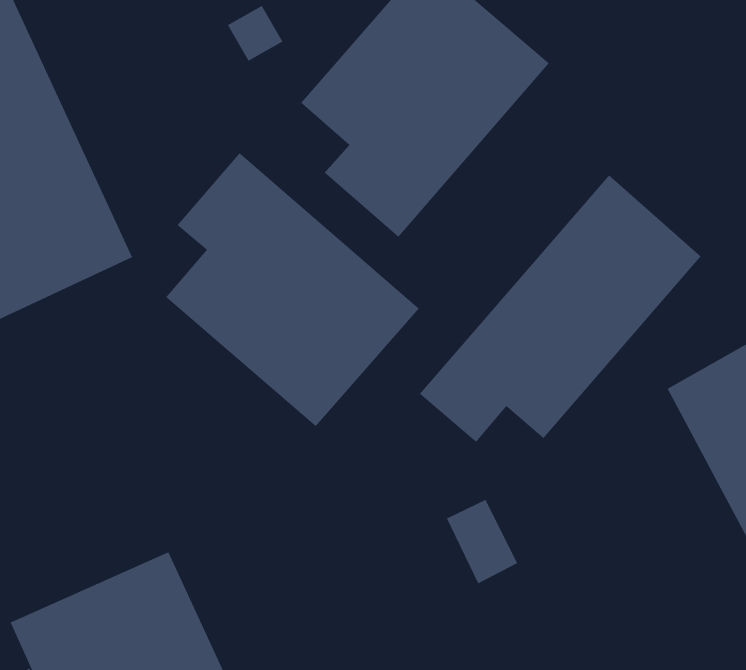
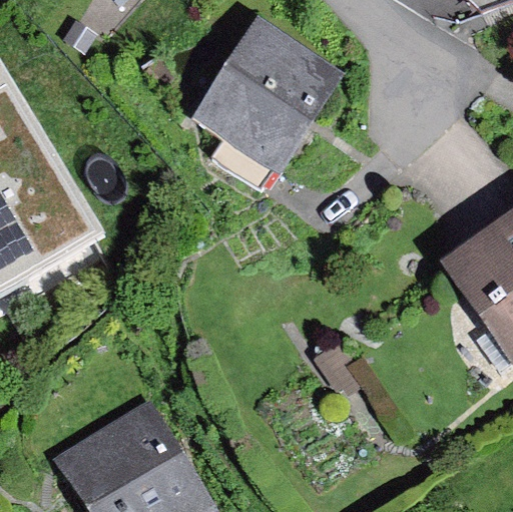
building: [165,152,420,427] -> none
building: [419,175,701,443] -> none

